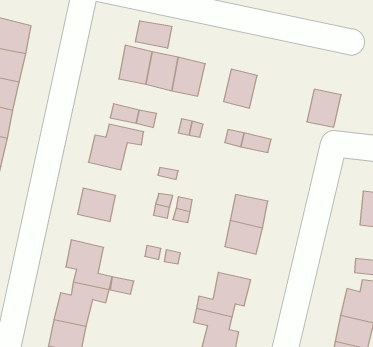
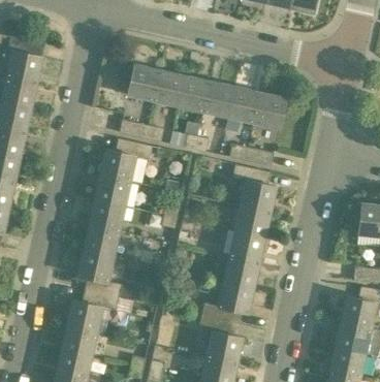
building: [136,21,172,48] -> none
building: none -> [203,81,235,117]
building: [307,89,341,127] -> [253,92,286,128]
building: none -> [232,164,277,212]
building: none -> [94,174,130,206]
building: none -> [83,224,120,256]
building: none -> [223,255,259,287]

